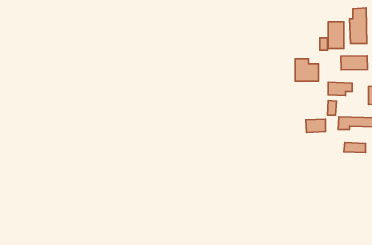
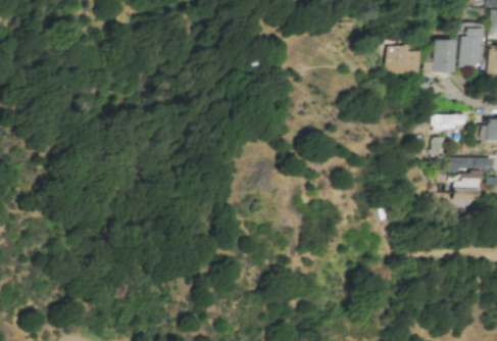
building: [341,56,368,70] -> none
building: [295,59,318,81] -> [389,46,417,74]
building: [306,119,326,132] -> [459,172,484,188]

